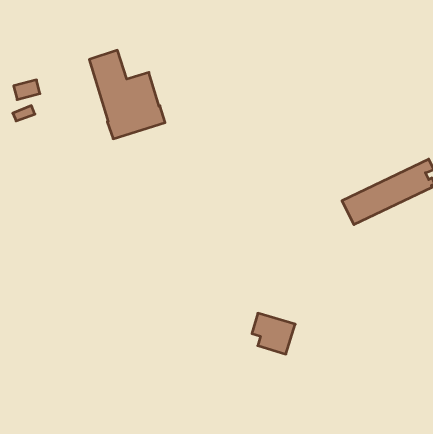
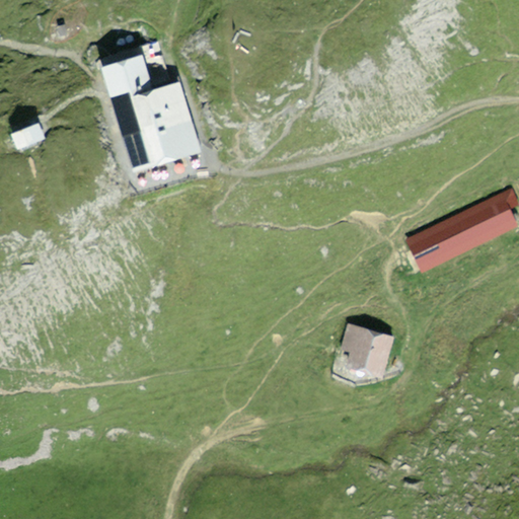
building: [252,313,295,354] -> [344,322,395,371]

